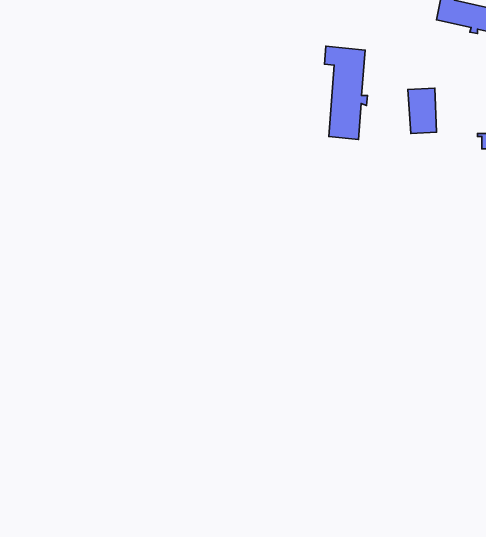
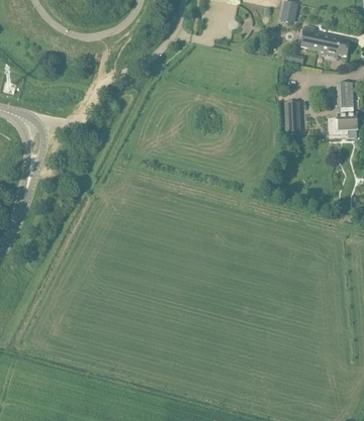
building: [324,46,368,139] -> none

